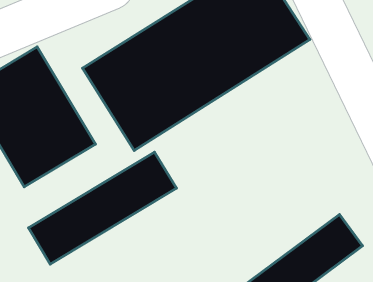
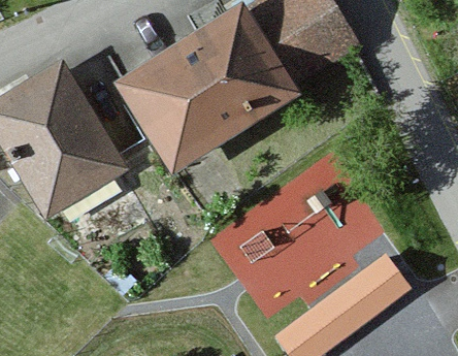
building: [28,152,176,264] -> none

